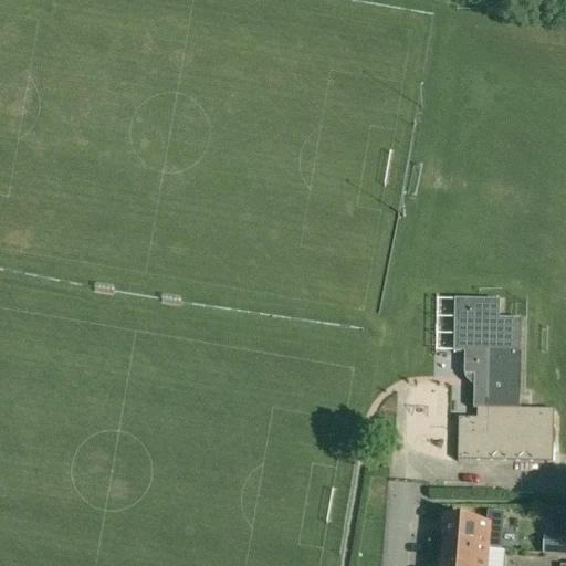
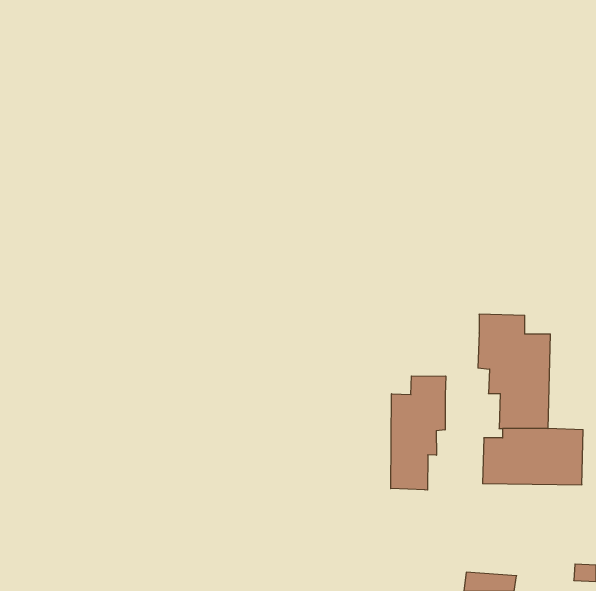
building: none -> [391,376,446,490]
building: [441,511,502,546] -> none

